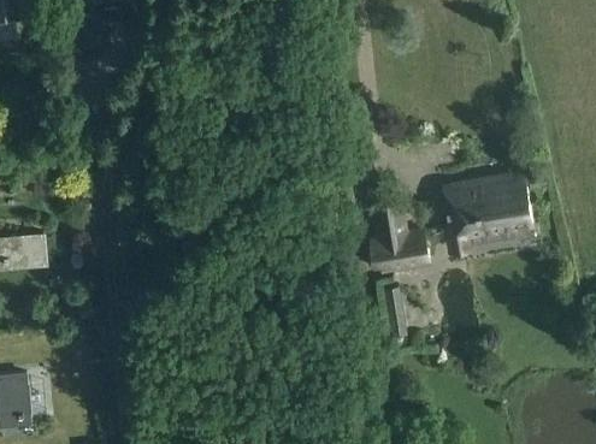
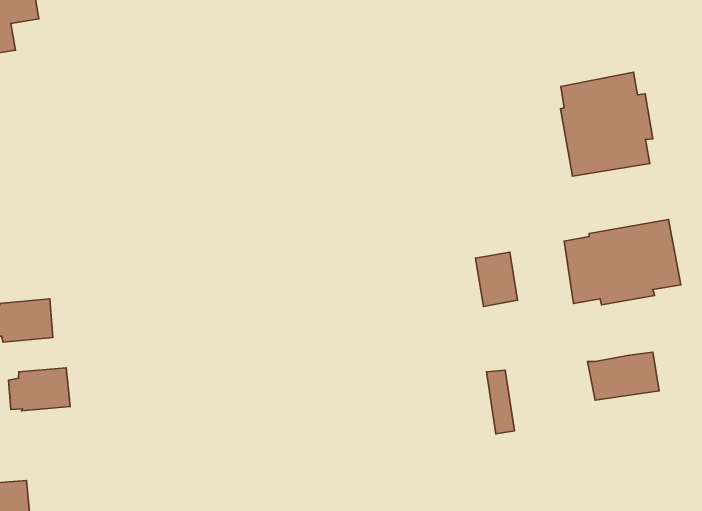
building: none -> [561,72,653,176]
building: [373,233,429,271] -> [588,352,659,400]
building: none -> [8,368,70,411]

